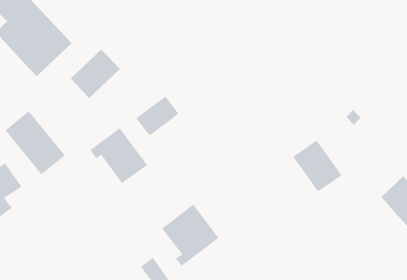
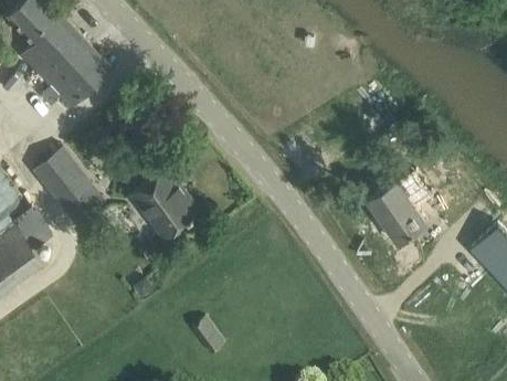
building: [70,49,121,99] -> none
building: [135,95,180,136] -> none
building: [161,203,220,267] -> none

